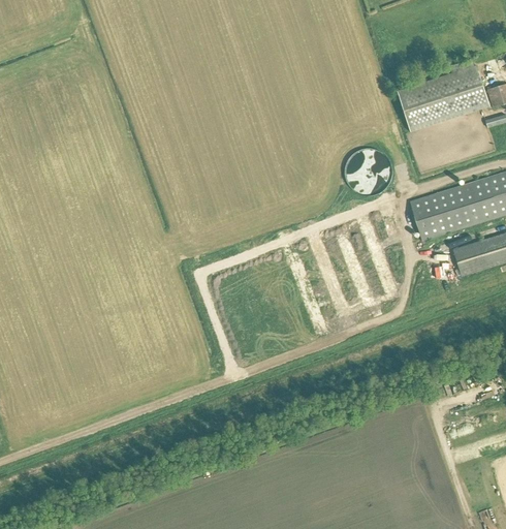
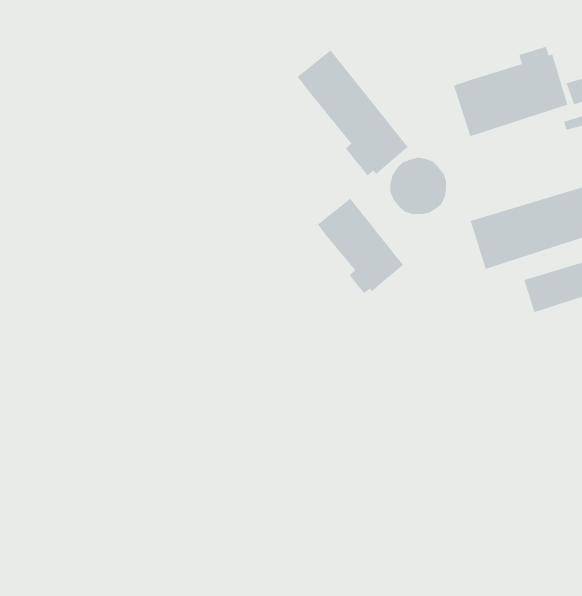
building: none -> [297,50,409,176]
building: none -> [317,198,404,294]

